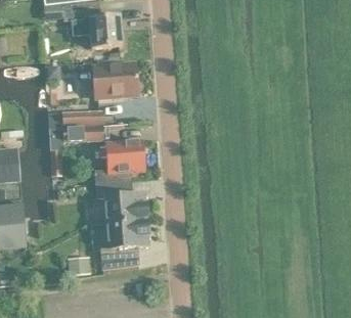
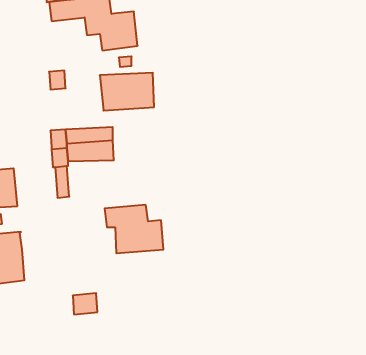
building: [94,139,145,182] -> none
building: [100,218,148,269] -> none

